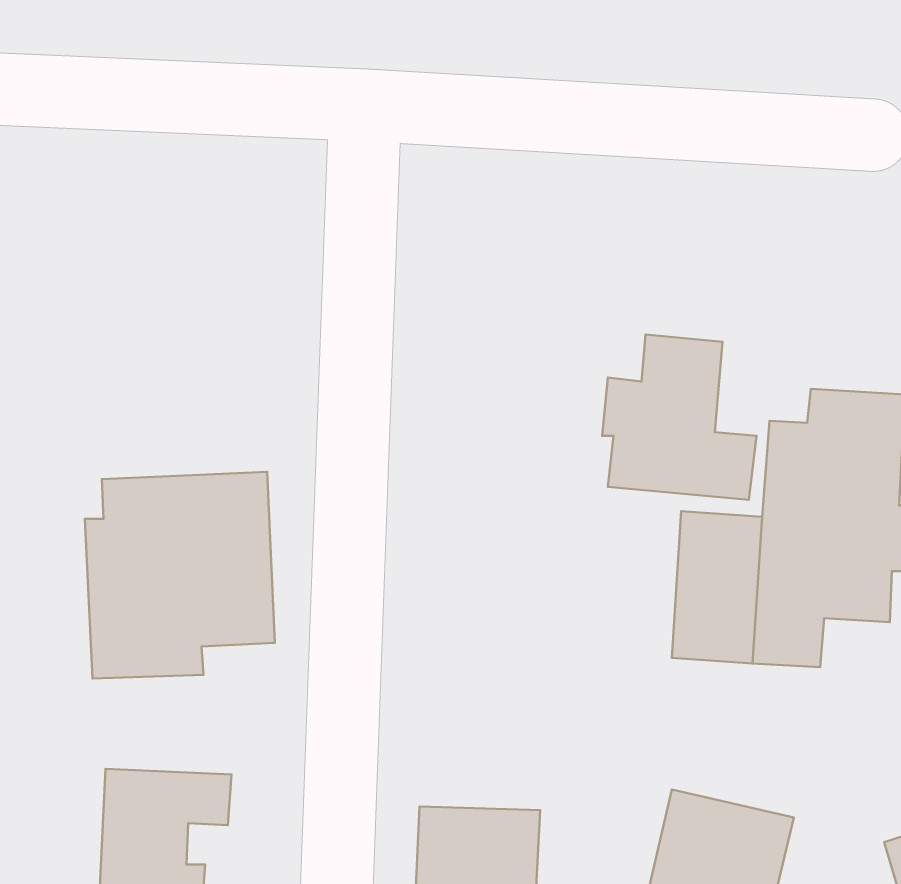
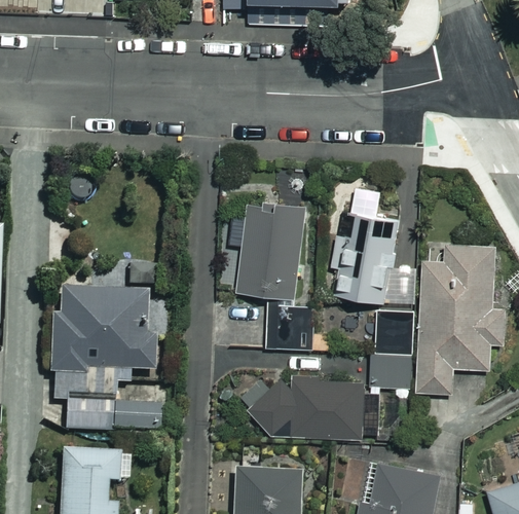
building: none -> [230,203,304,299]
building: none -> [266,306,306,348]
building: none -> [247,362,365,442]
building: none -> [66,402,160,432]

